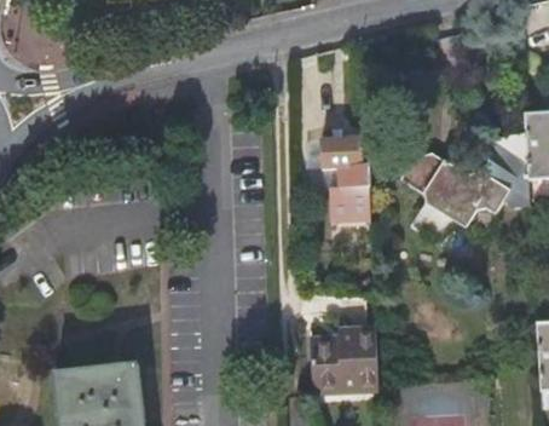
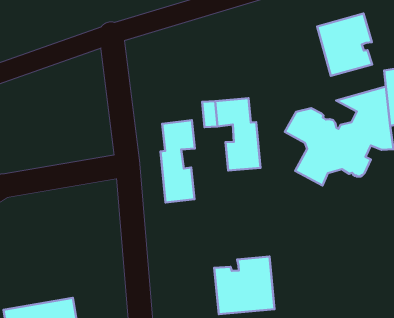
building: none -> [317,13,372,76]
building: none -> [161,120,195,203]

